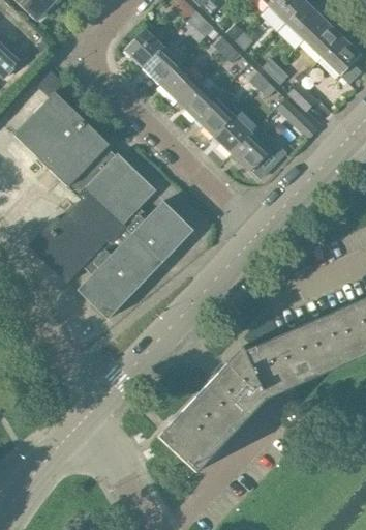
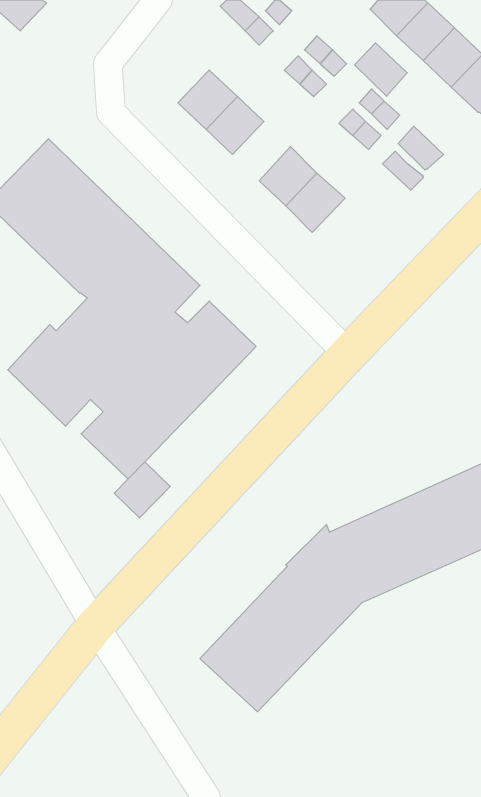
building: [123,28,162,68] -> none
building: none -> [355,43,407,96]
building: [178,81,216,120] -> none
building: [232,127,284,180] -> none
building: none -> [114,462,170,518]

